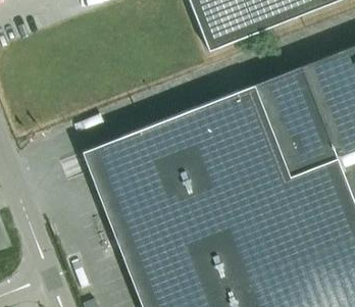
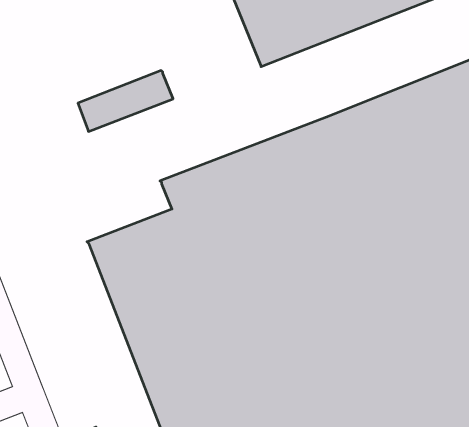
building: [82,130,147,171] -> [78,71,173,131]

